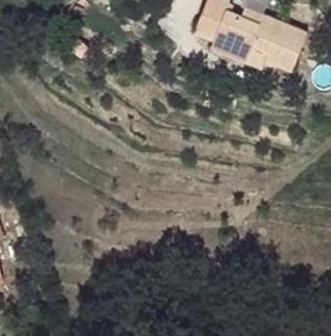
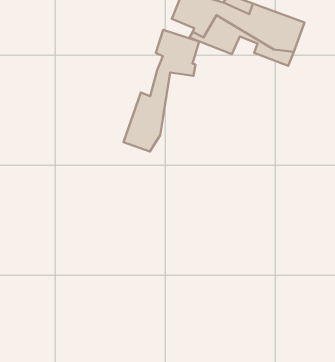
building: none -> [123,30,199,152]

